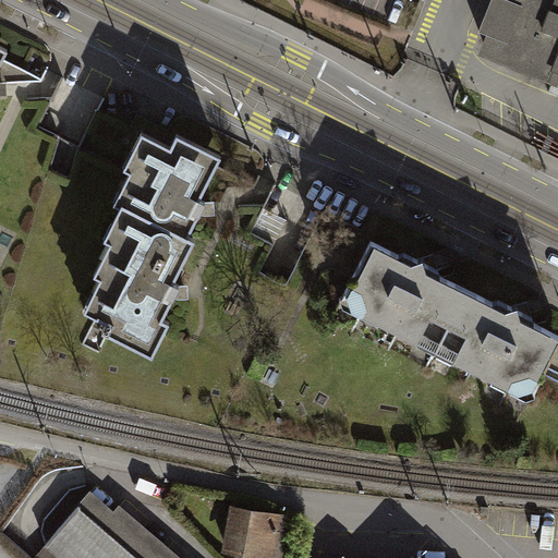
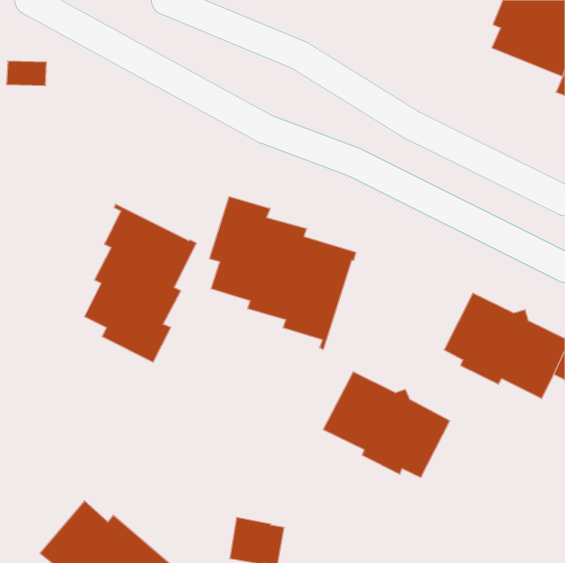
building: [113,135,219,241] -> none
building: none -> [209,197,356,350]
building: [340,244,464,348] -> [323,372,450,477]

